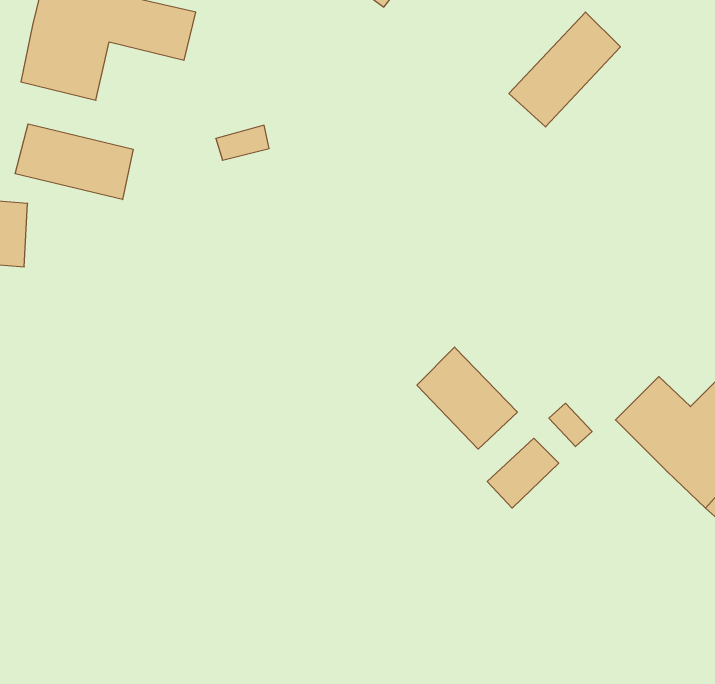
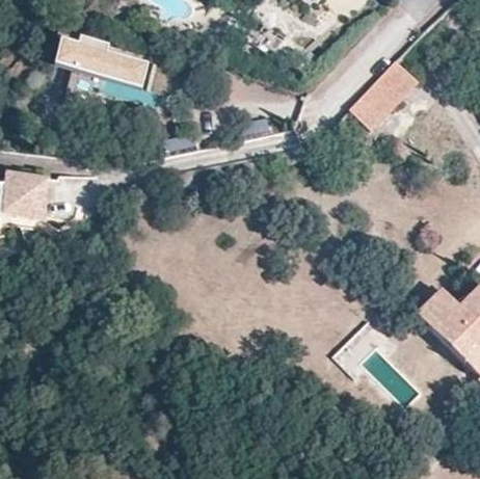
building: [15,124,133,200] -> none
building: [417,347,517,449] -> none

